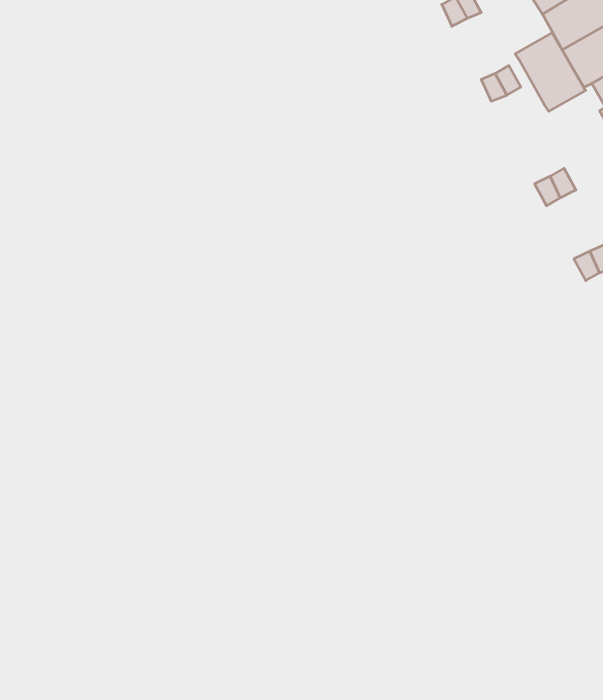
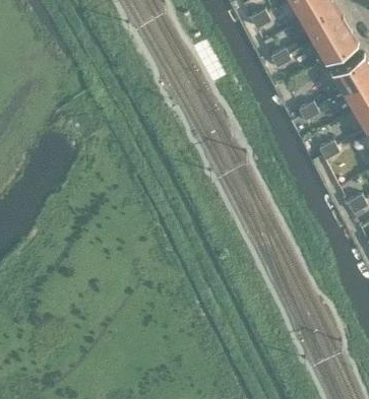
building: [515,33,586,111] -> none

